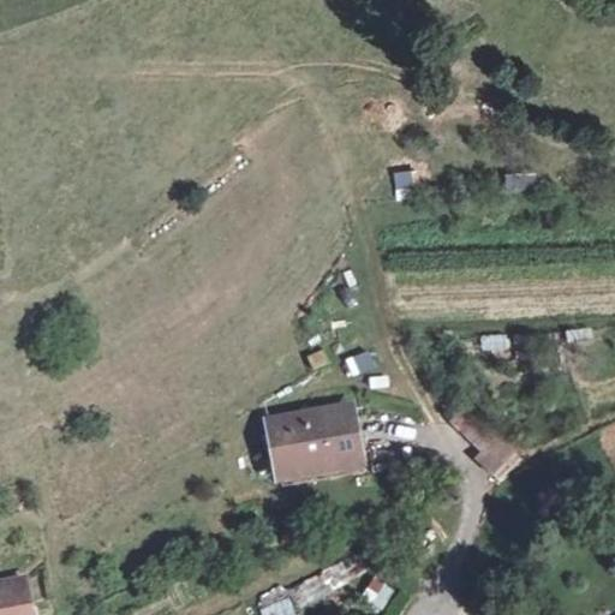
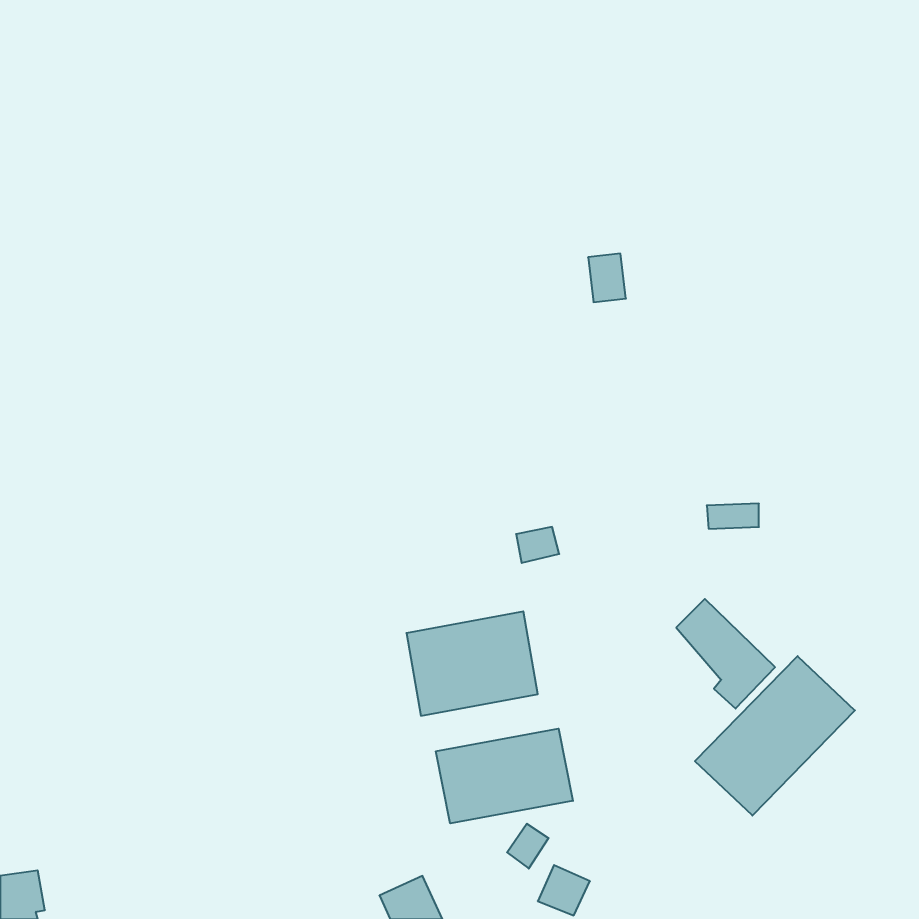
building: none -> [695,656,855,816]
building: none -> [436,729,573,823]

